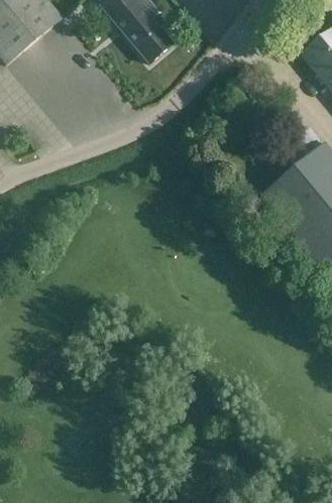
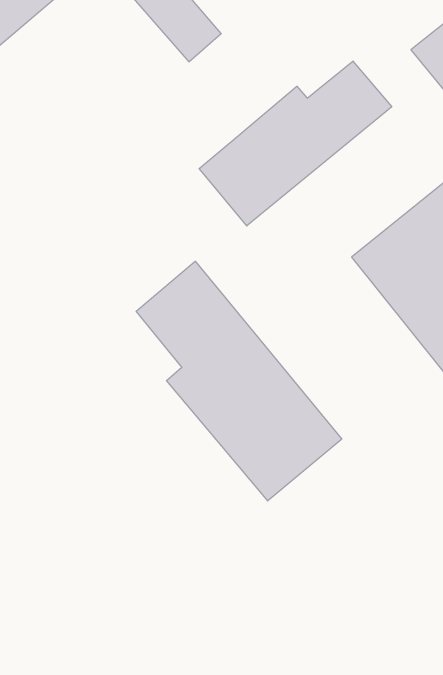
building: none -> [199,61,392,226]
building: none -> [136,261,342,501]

